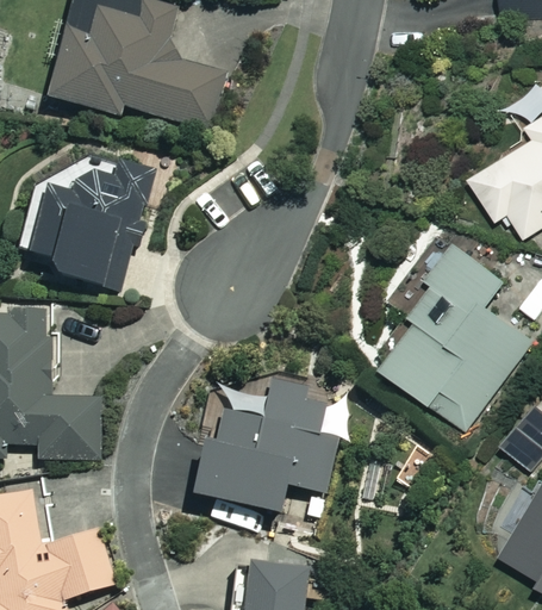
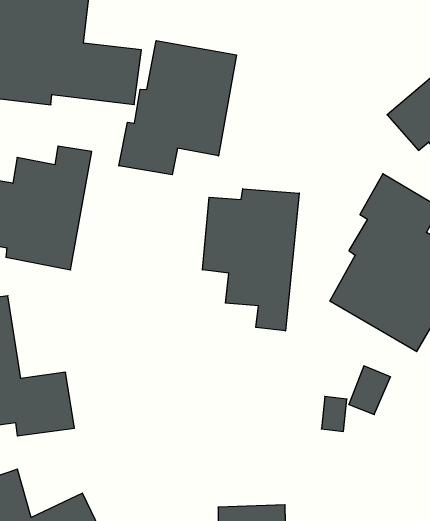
building: none -> [119,41,236,175]
building: none -> [202,189,299,331]
building: [194,378,342,512] -> none

